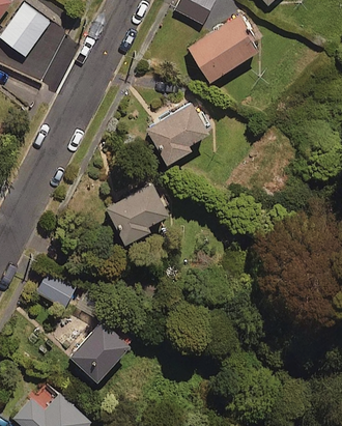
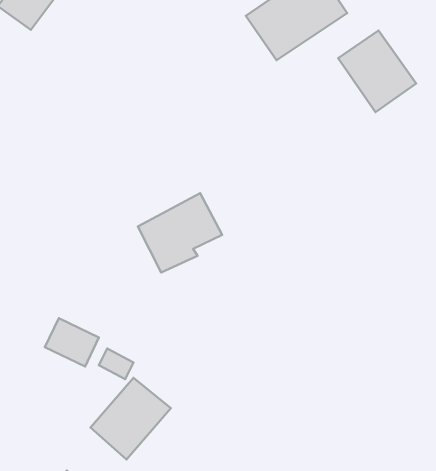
building: none -> [338,31,416,112]
building: [149,97,215,162] -> none

